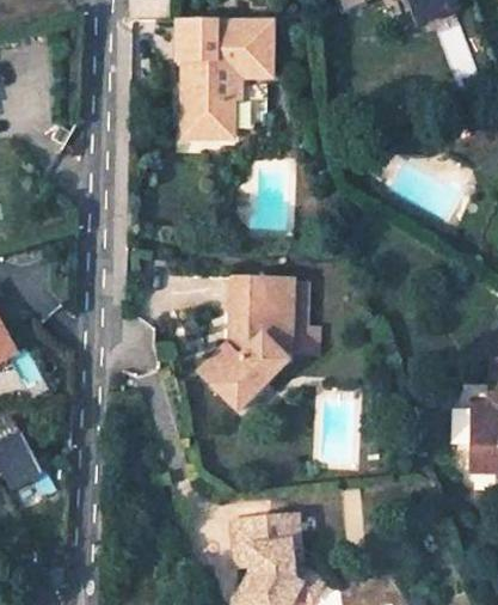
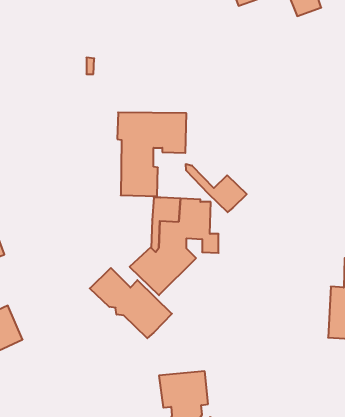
building: [177,22,272,138] -> [117,112,186,196]
building: none -> [186,164,247,212]
building: none -> [90,268,172,338]

